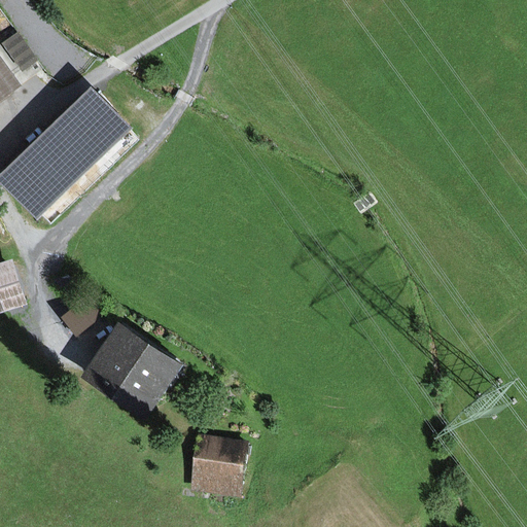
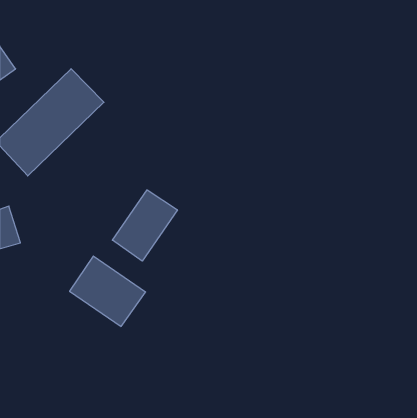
building: none -> [112,190,177,261]
building: [189,434,247,497] -> none

